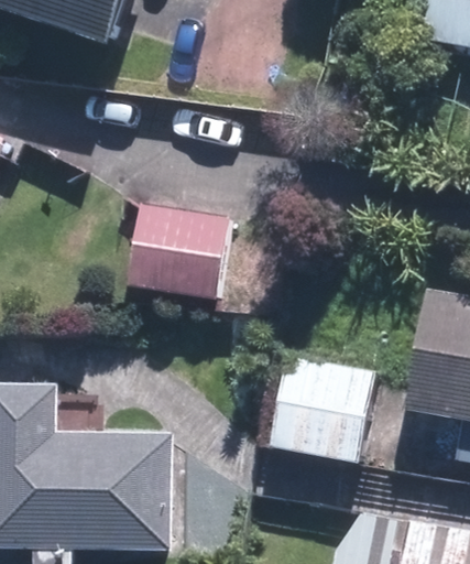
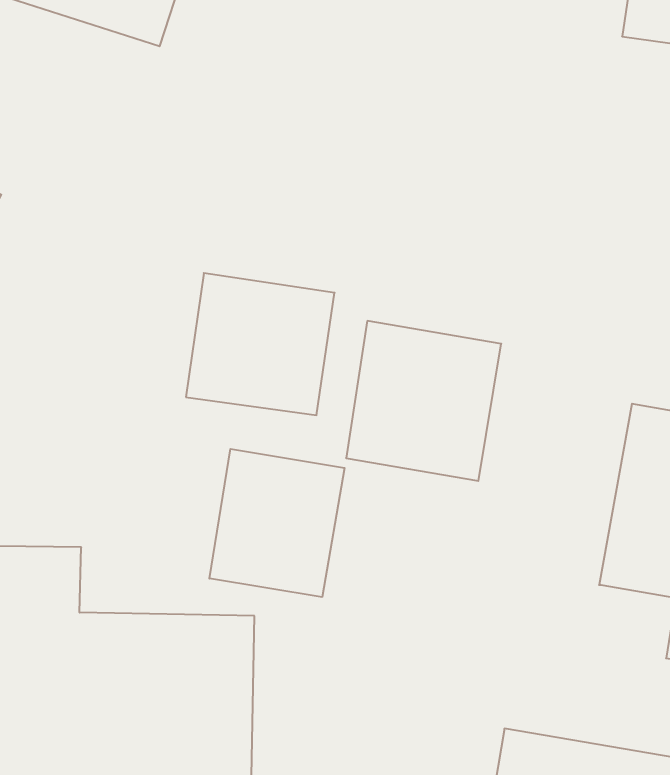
building: none -> [209,449,345,597]
building: [269,354,373,462] -> [346,321,501,481]

